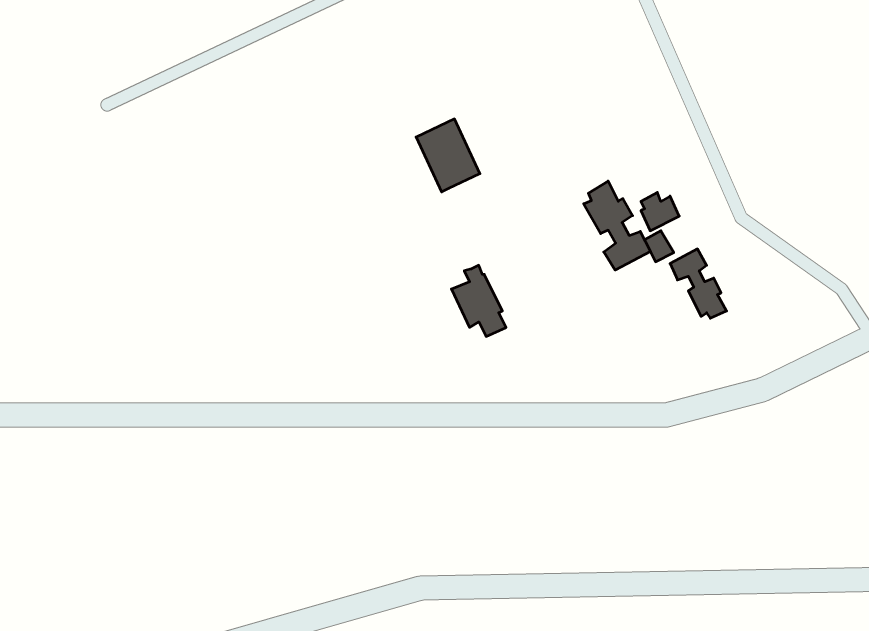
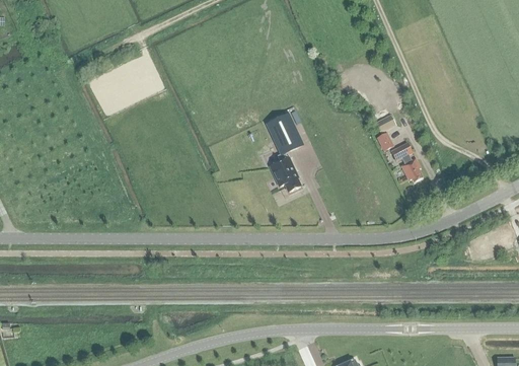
building: [416,119,480,192] -> [267,113,302,153]
building: [584,181,650,270] -> none

